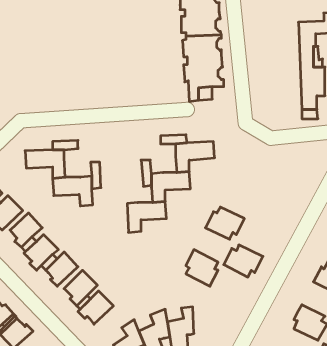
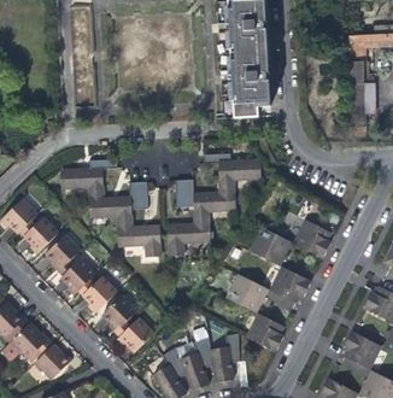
building: none -> [298,220,332,258]
building: none -> [119,226,160,257]
building: none -> [250,314,285,352]

